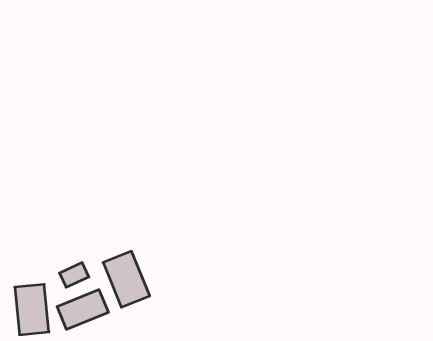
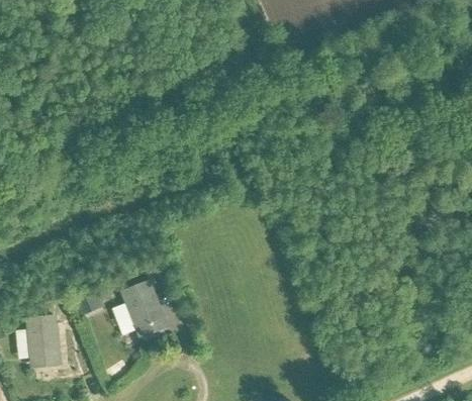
building: [57,290,108,329] -> none

